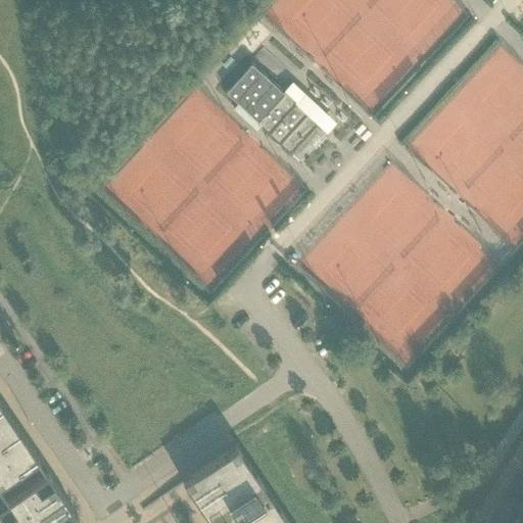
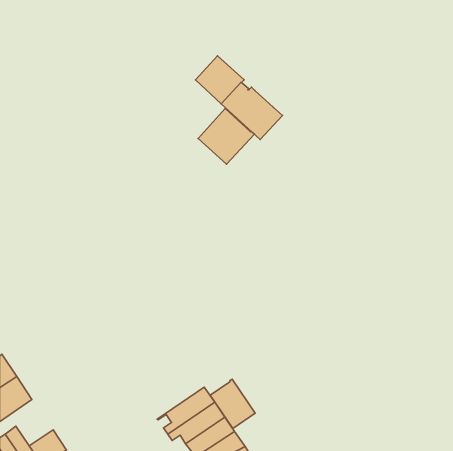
building: none -> [198,109,255,164]
building: none -> [210,379,255,428]
building: [18,475,61,516] -> none

